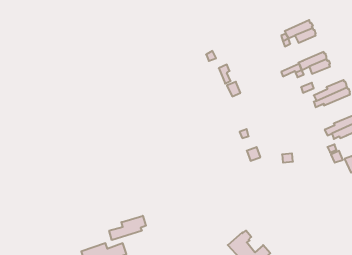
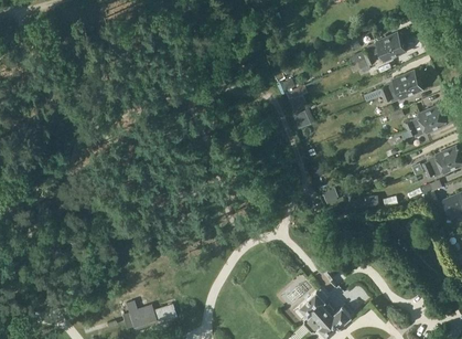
building: [109,216,146,240] -> none

